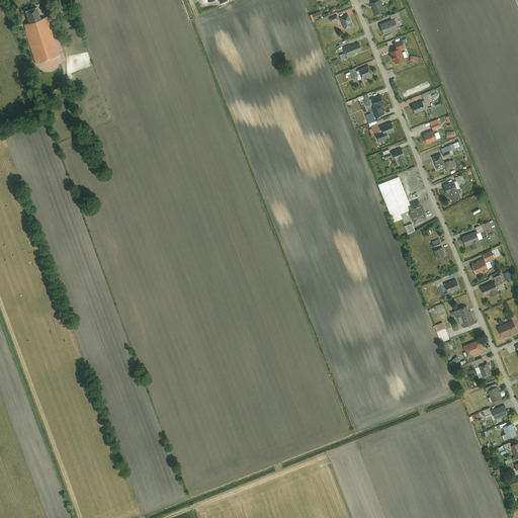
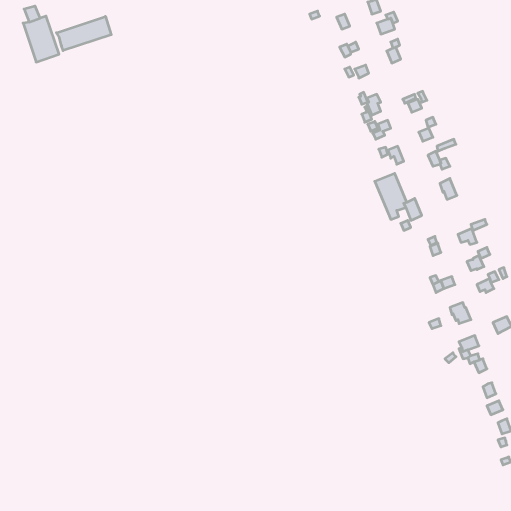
building: none -> [56,16,111,51]

